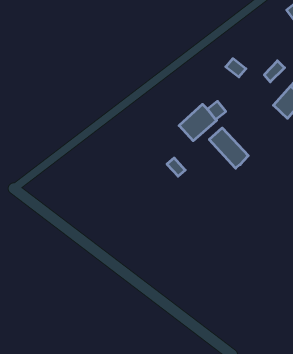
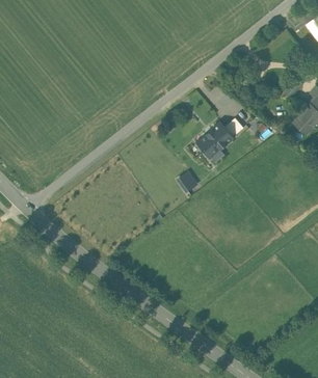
building: [209,128,248,168] -> none

